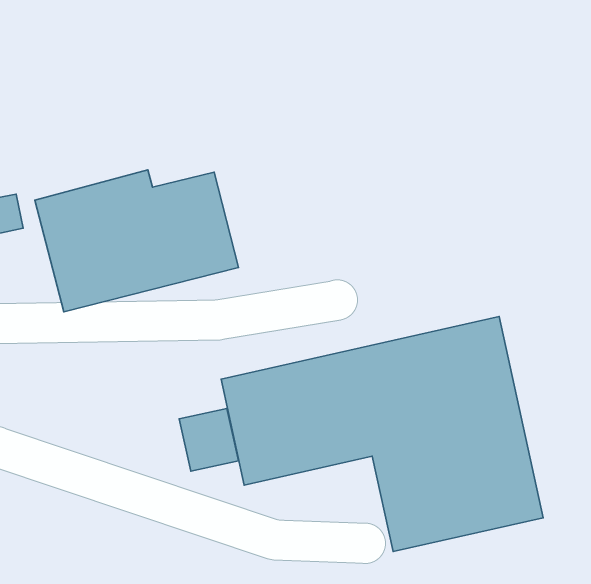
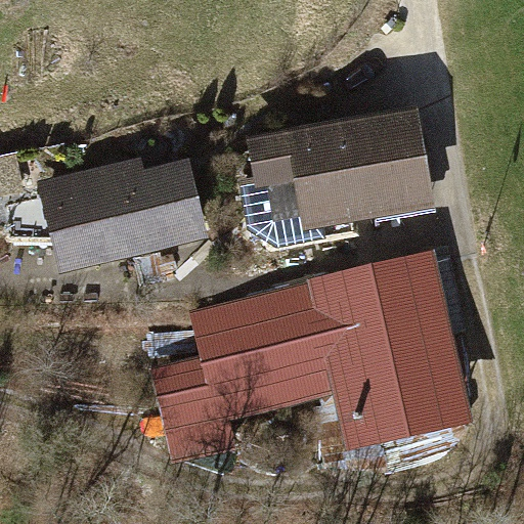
building: none -> [244,100,427,229]

